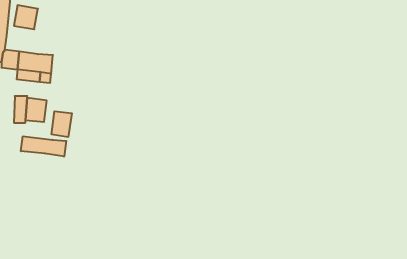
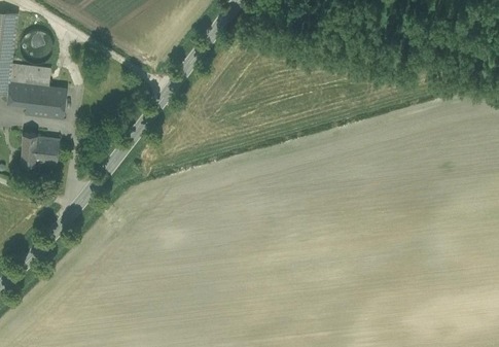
building: none -> [10,65,50,86]
building: [52,111,72,137] -> none
building: [21,136,66,157] -> none

